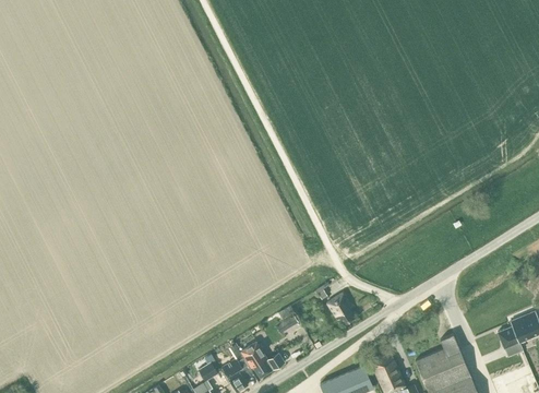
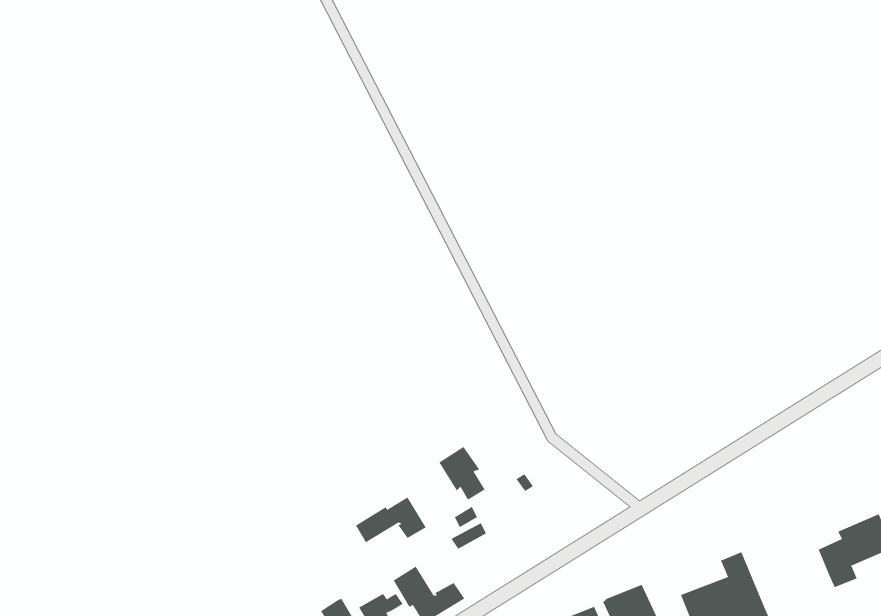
building: [327,294,356,326] -> [438,446,486,500]
building: none -> [355,497,427,543]

